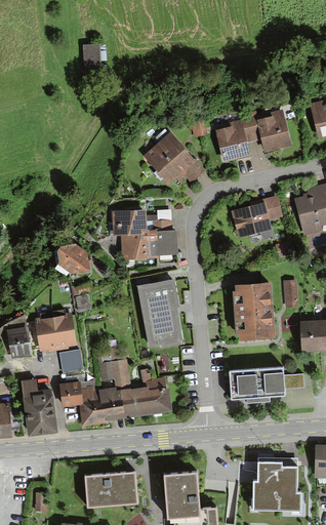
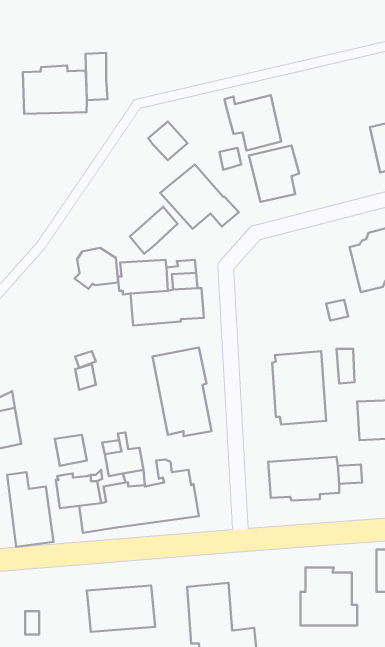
building: none -> [23,65,87,114]
building: none -> [148,121,187,160]
building: [246,110,291,154] -> [225,95,281,151]
building: none -> [130,207,177,254]
building: [231,195,282,238] -> none
building: [54,244,89,277] -> [75,248,118,289]
building: [34,310,77,352] -> none

